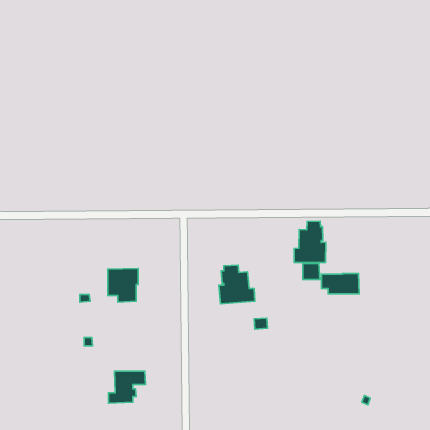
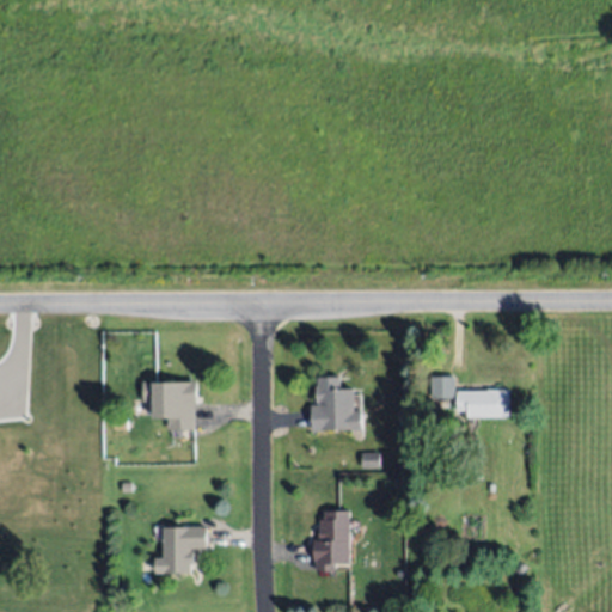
building: [294,221,326,262] -> none
building: none -> [314,508,350,570]

